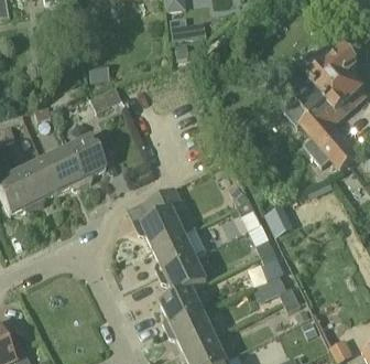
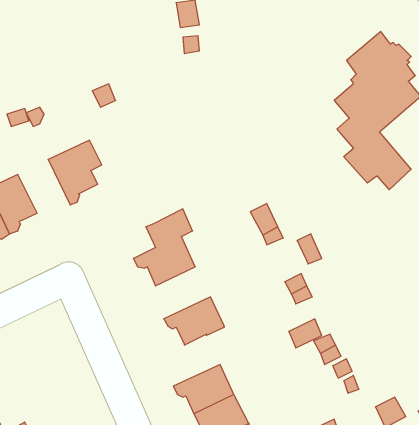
building: [42,147,84,190] -> none
building: [152,227,208,275] -> none
building: [160,287,204,329] -> none

